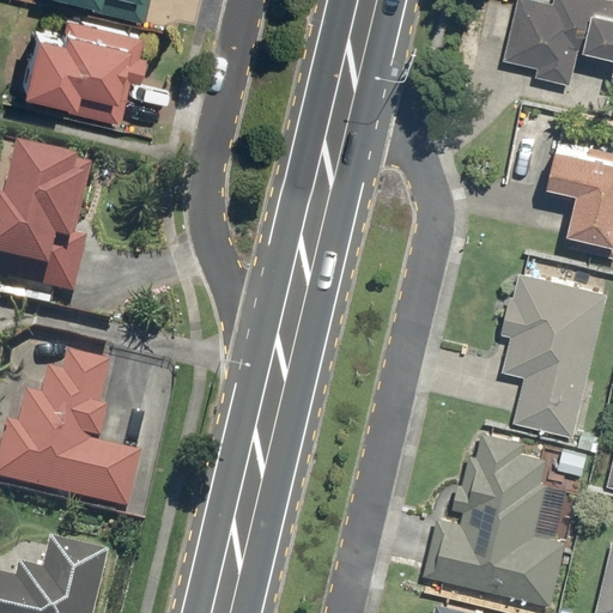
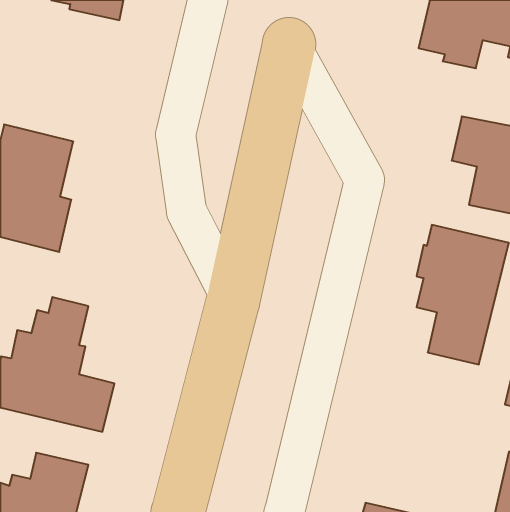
building: [16,19,139,125] -> none
building: [423,429,569,603] -> none

